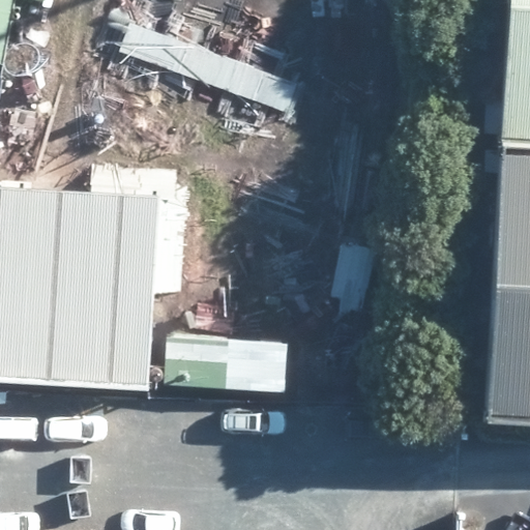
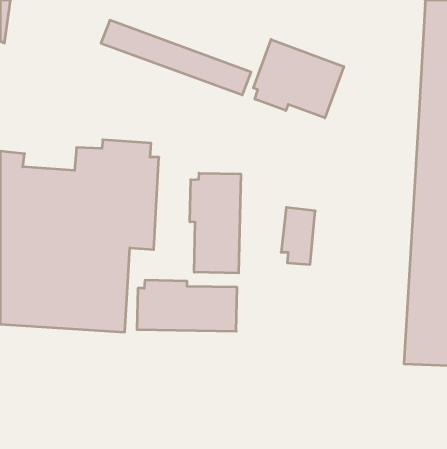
building: none -> [253,39,344,118]
building: none -> [190,173,241,273]

